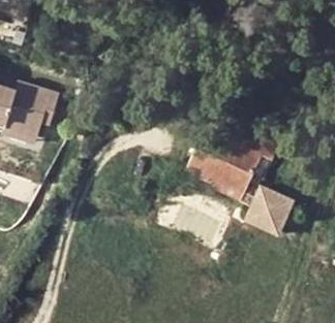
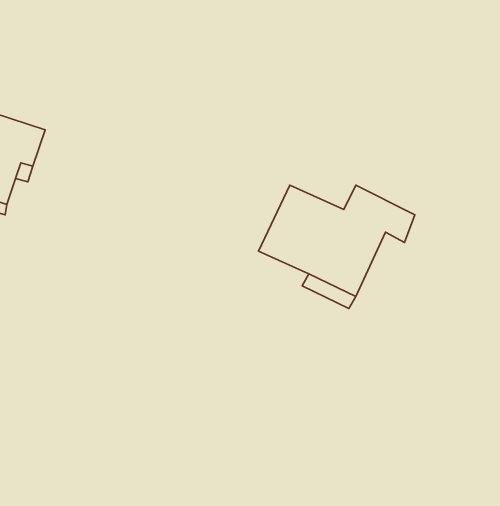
building: [246,185,295,233] -> none

